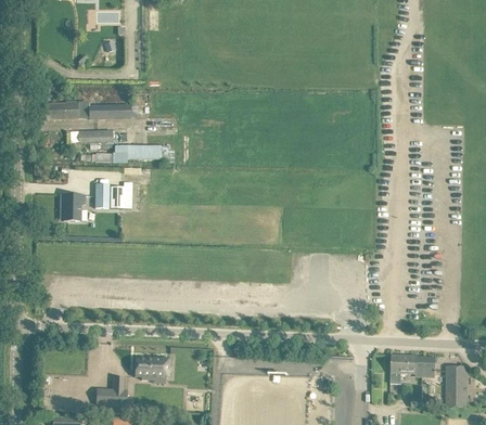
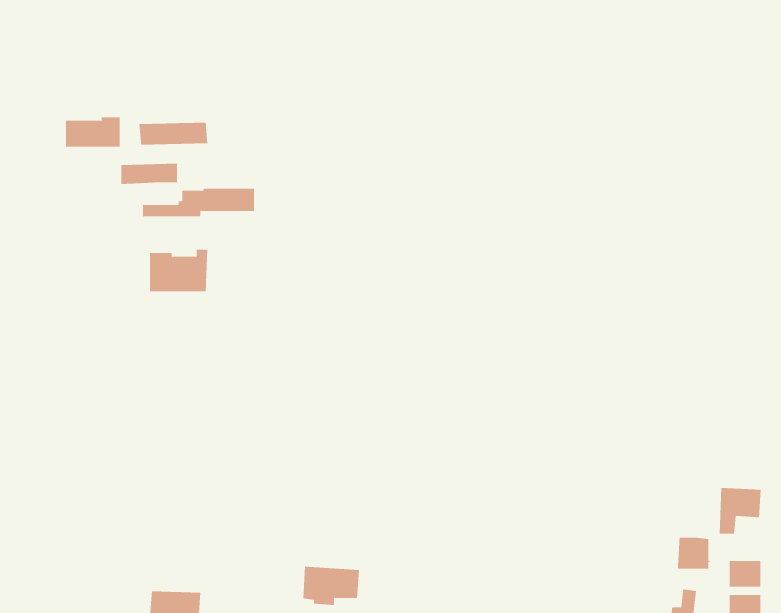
building: [61,194,87,220] -> none
building: [391,355,417,383] -> [719,488,762,534]
building: [135,356,169,379] -> [302,566,360,606]

